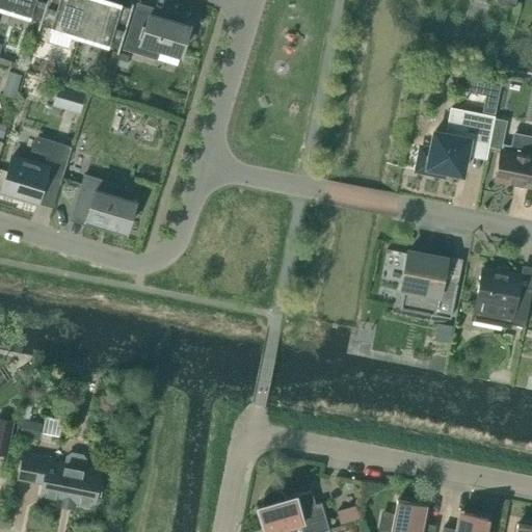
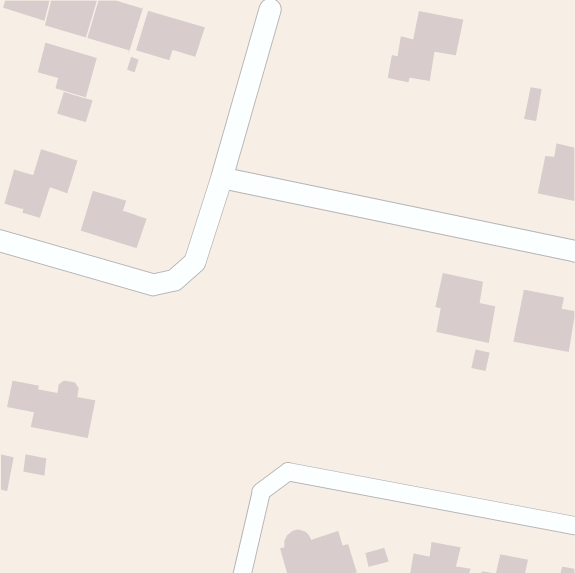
building: none -> [37,42,98,98]
building: [423,109,495,176] -> [387,11,464,83]
building: [19,454,102,508] -> [6,380,96,439]

